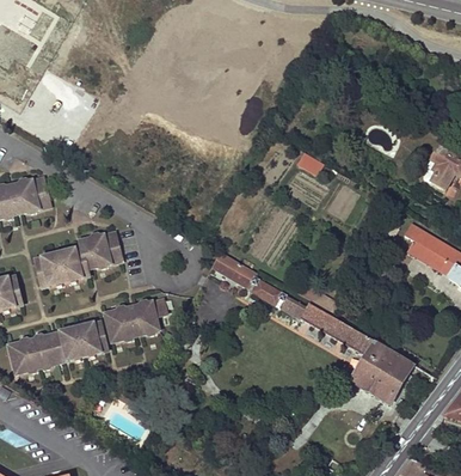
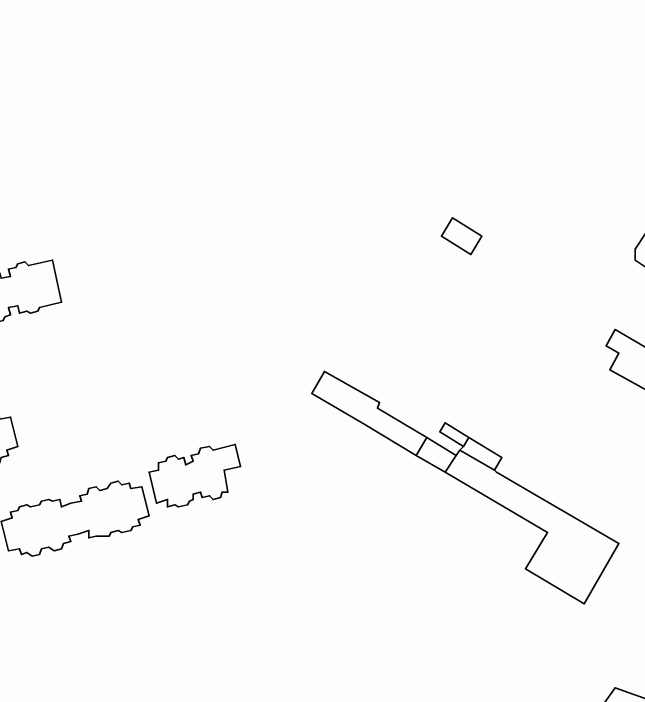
building: [36,232,121,286] -> none

